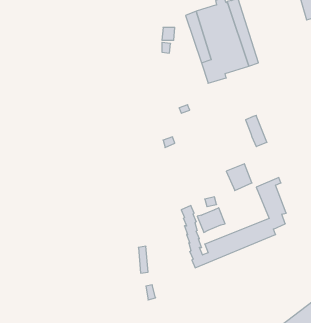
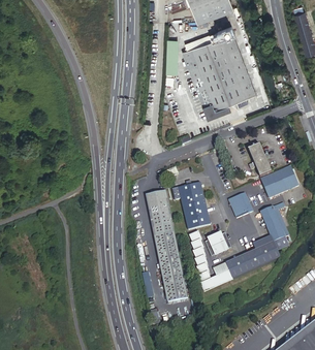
building: none -> [259,163,298,195]
building: none -> [169,182,209,229]
building: none -> [143,191,185,303]

